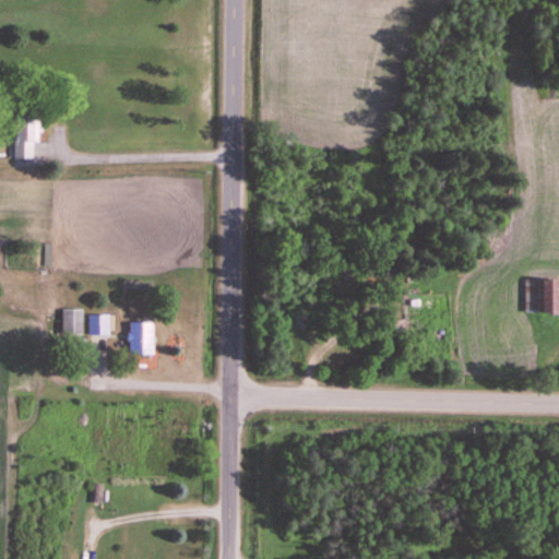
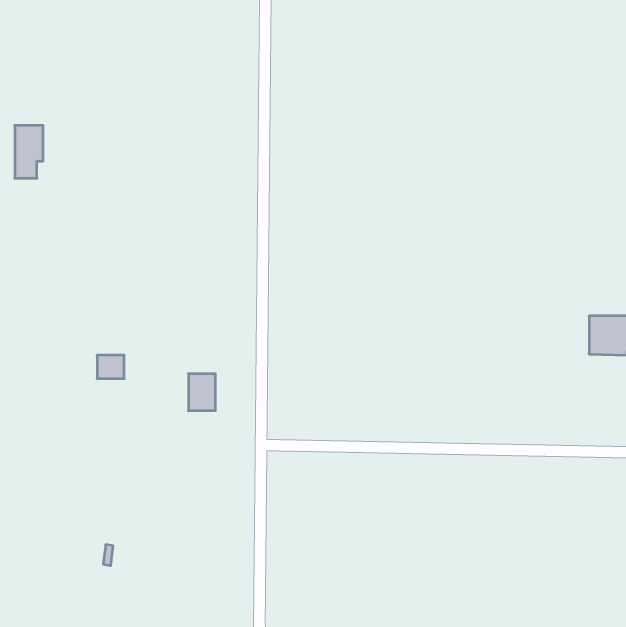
building: [63,309,84,336] -> none
building: [130,323,154,356] -> [188,374,215,411]

